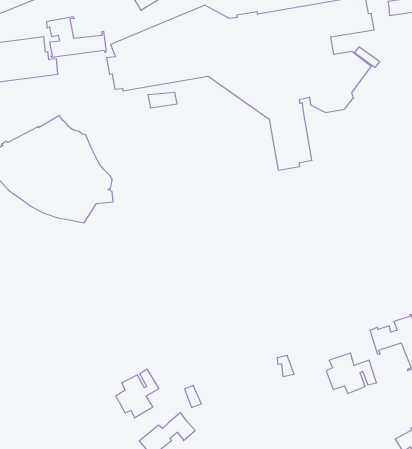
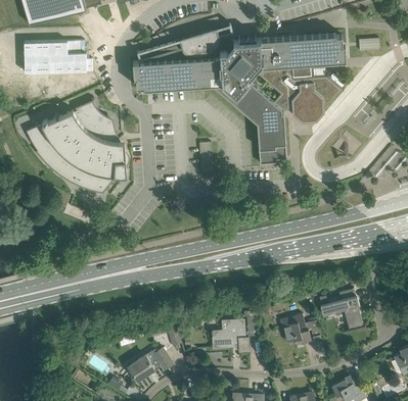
building: [47,17,106,57] -> none
building: none -> [212,318,250,351]
building: [116,369,159,418] -> none

